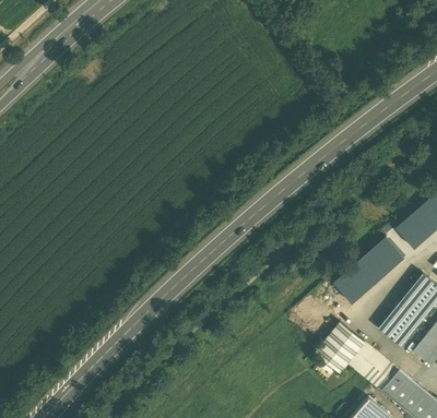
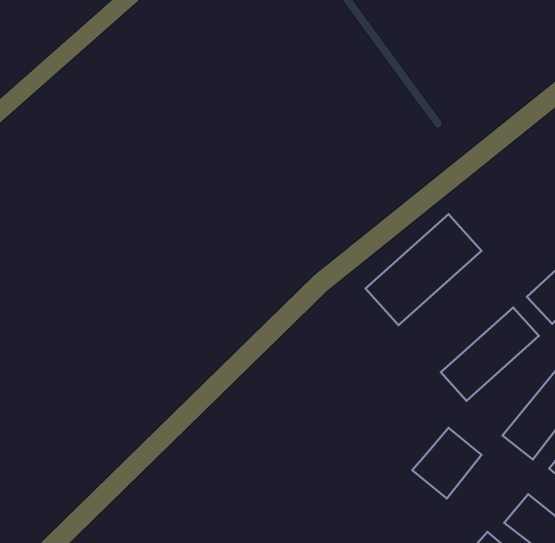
building: none -> [366,214,481,325]
building: [346,342,398,391] -> none

